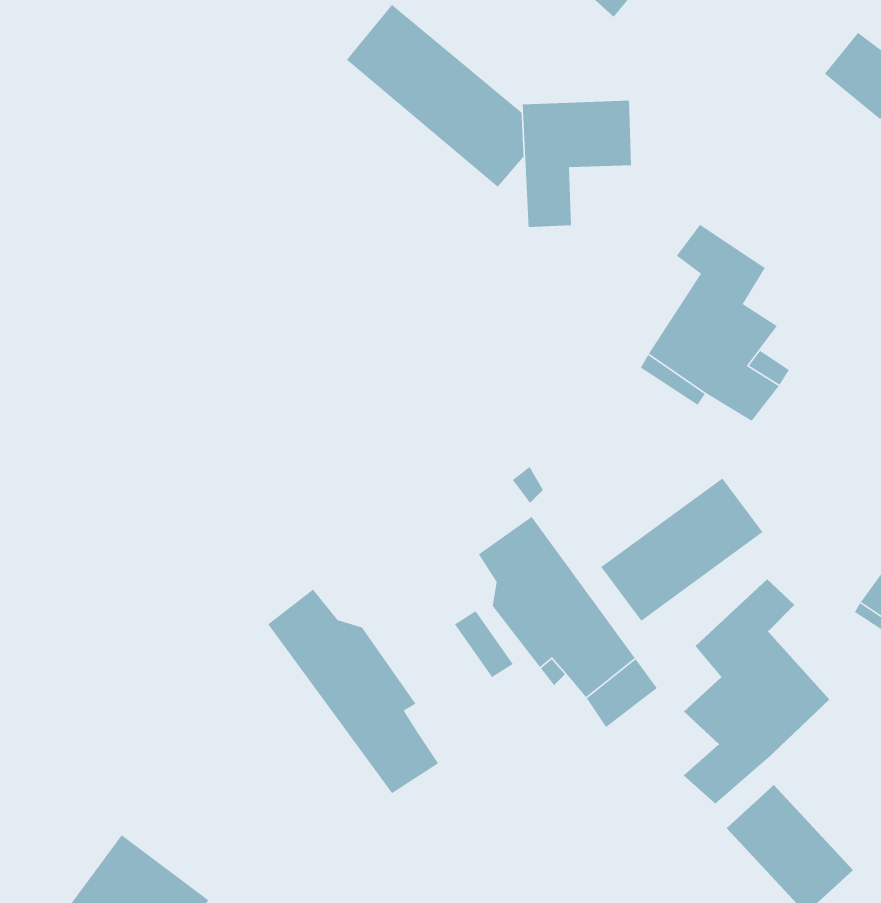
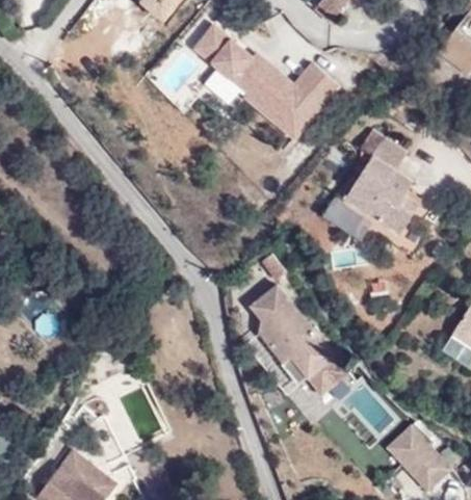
building: [600,477,764,622] -> none
building: [683,579,830,805] -> none
building: [267,588,439,794] -> none

